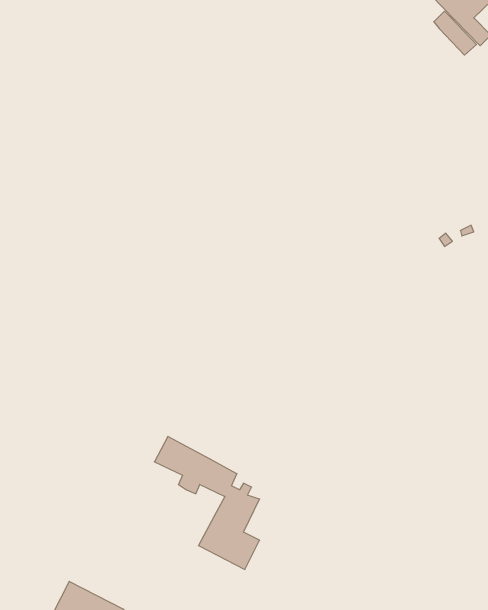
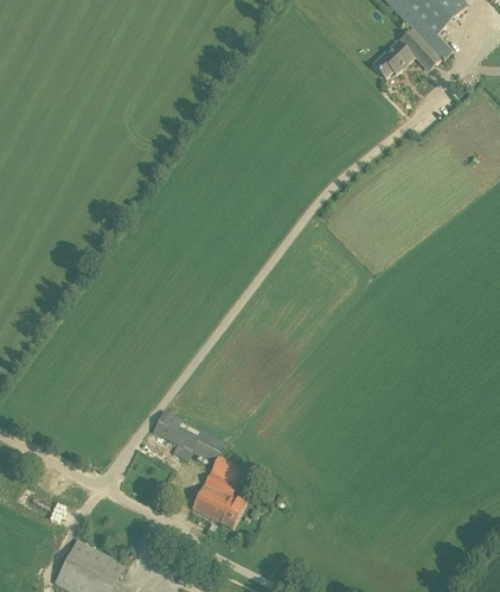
building: none -> [372,40,414,78]

